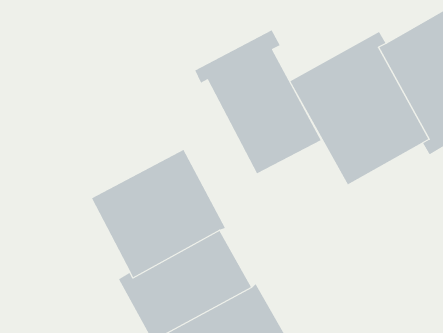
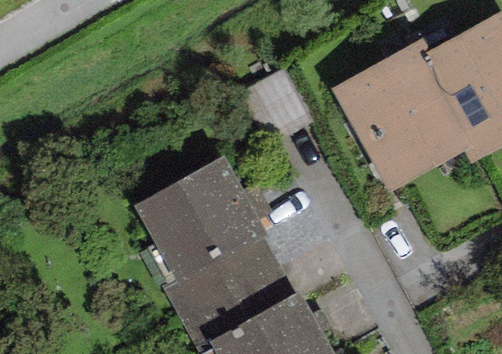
building: [194,29,321,174] -> none

